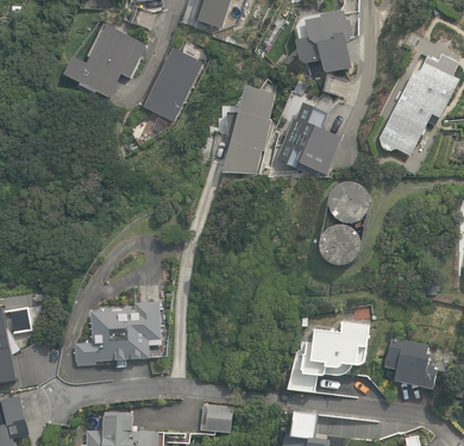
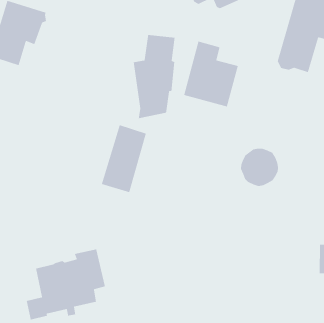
building: [145,49,202,123] -> [101,124,147,193]
building: [328,182,371,224] -> none
building: [287,321,369,392] -> none

